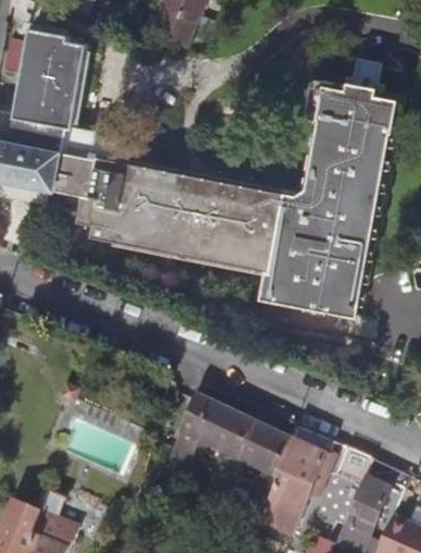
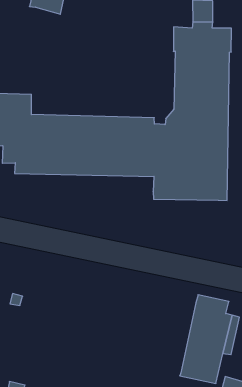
building: [161,393,292,520] -> none

